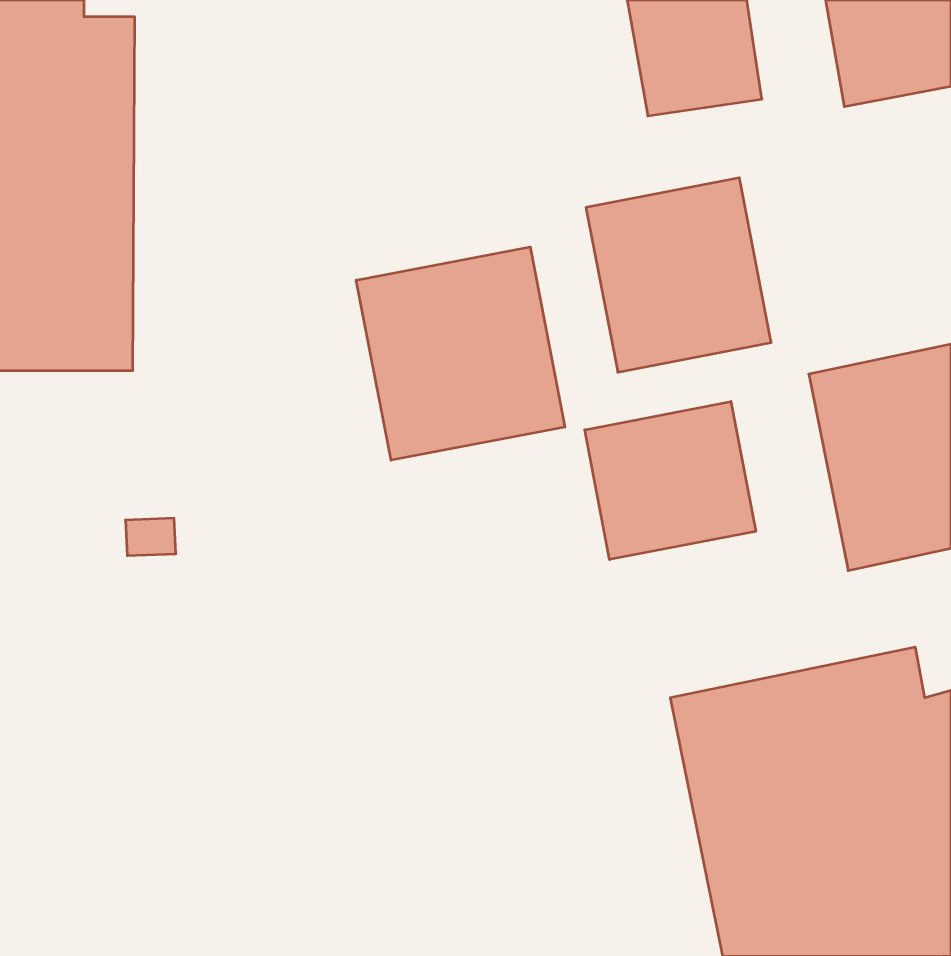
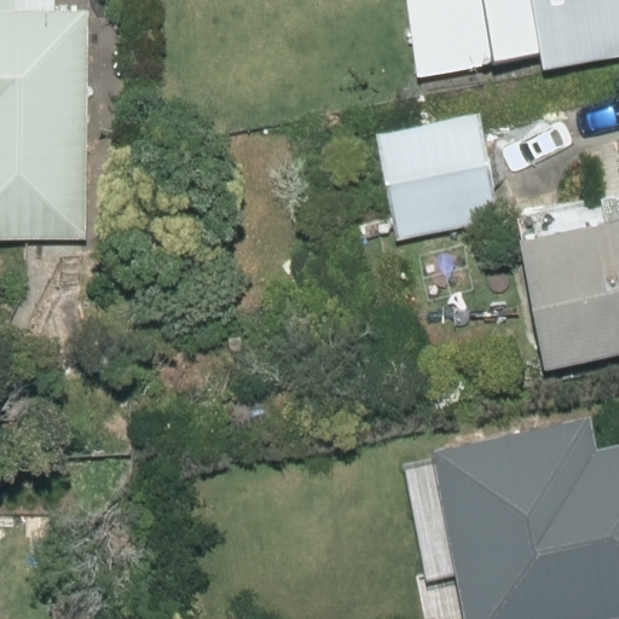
building: [356,247,565,460] -> none
building: [585,401,756,560] -> none

